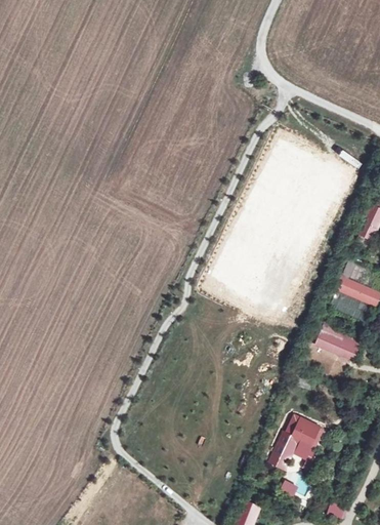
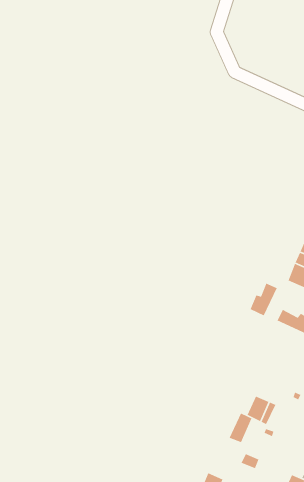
building: none -> [250,282,278,317]

